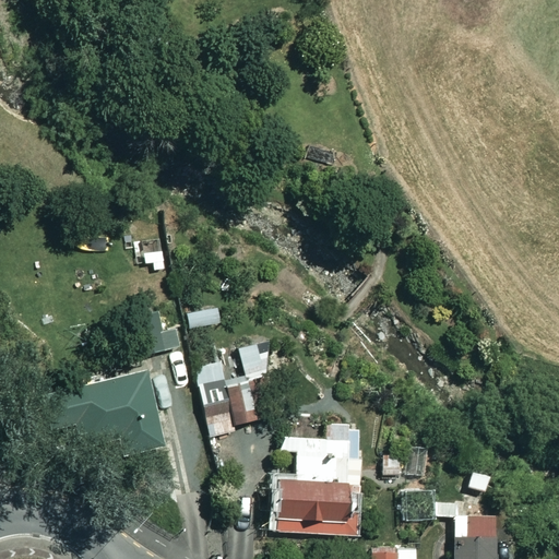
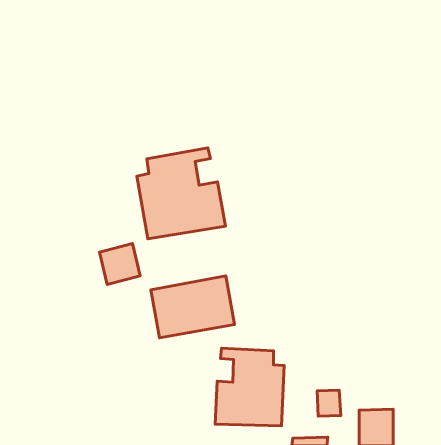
building: none -> [137,148,225,239]
building: [41,371,165,462] -> none

